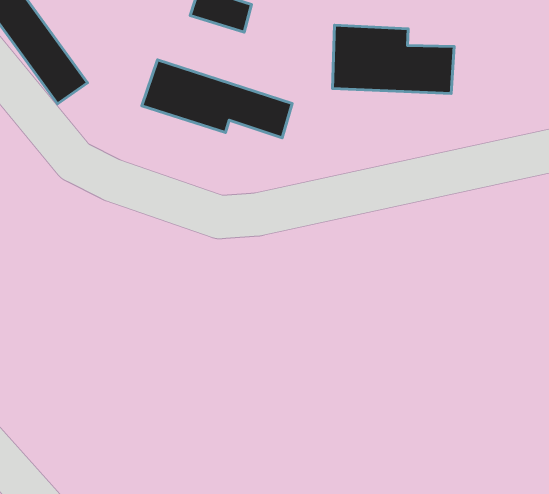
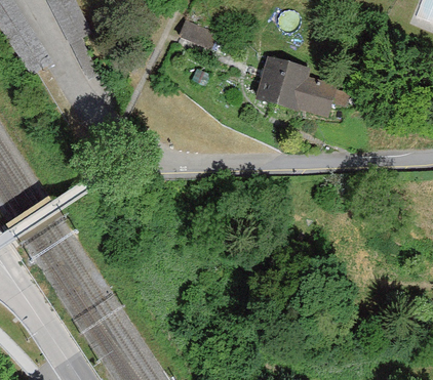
building: [142,60,292,138] -> none

